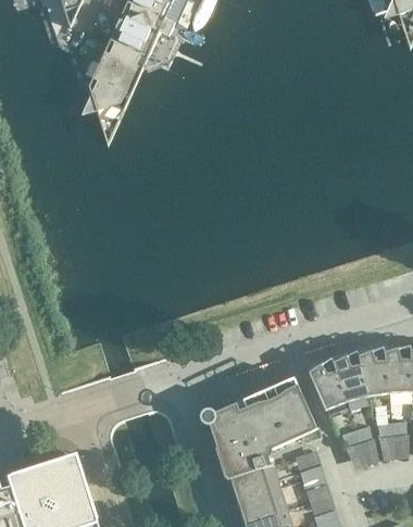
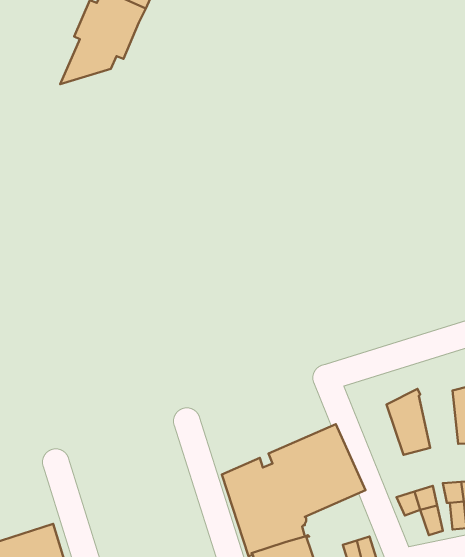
building: [359,347,389,397] -> none
building: [308,357,347,411] -> none

